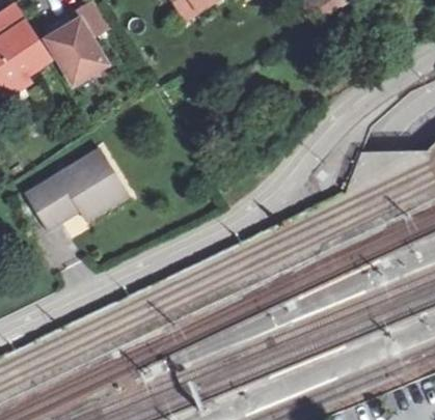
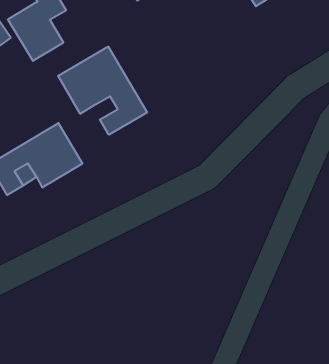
building: none -> [58,47,147,135]

